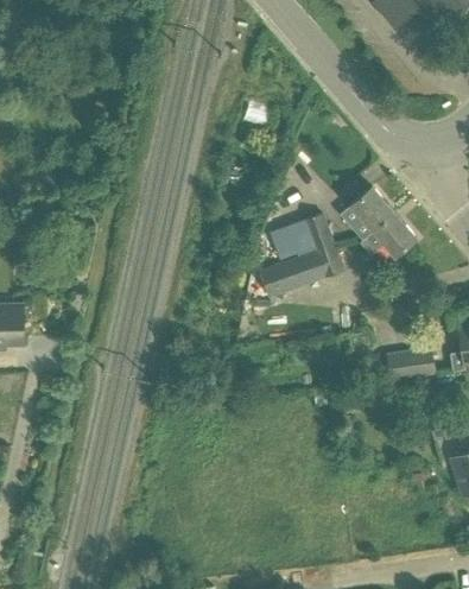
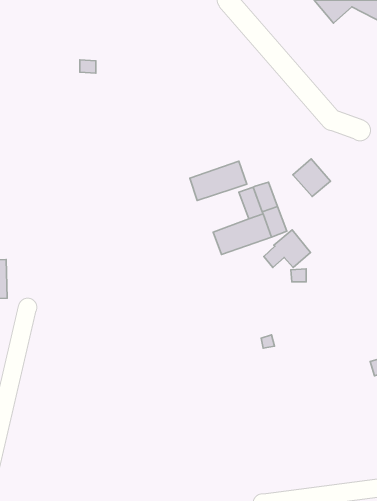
building: none -> [190,161,247,200]
building: [361,213,416,256] -> [264,230,311,268]
building: [387,348,432,378] -> none

